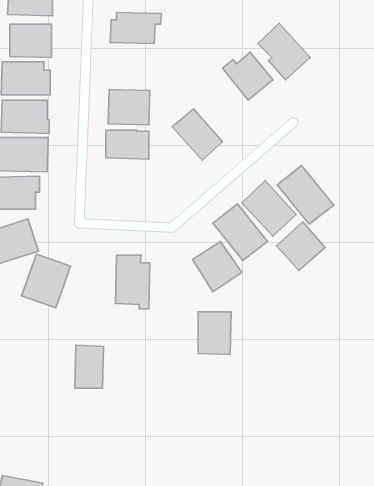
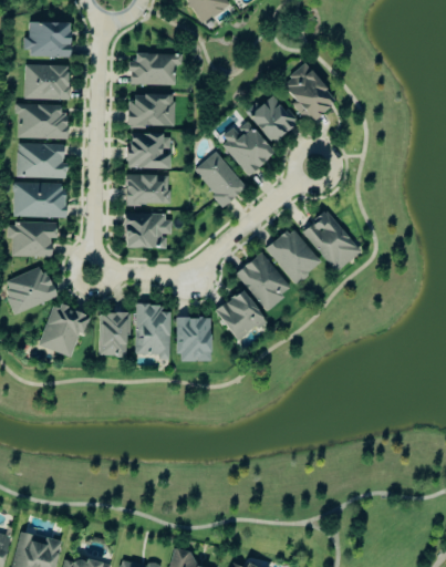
building: none -> [127,95,175,127]
building: none -> [220,122,274,176]
building: none -> [124,214,169,249]
building: [277,222,325,270] -> none
building: [198,312,231,355] -> [177,318,211,362]
building: [75,345,104,388] -> [98,312,128,357]

